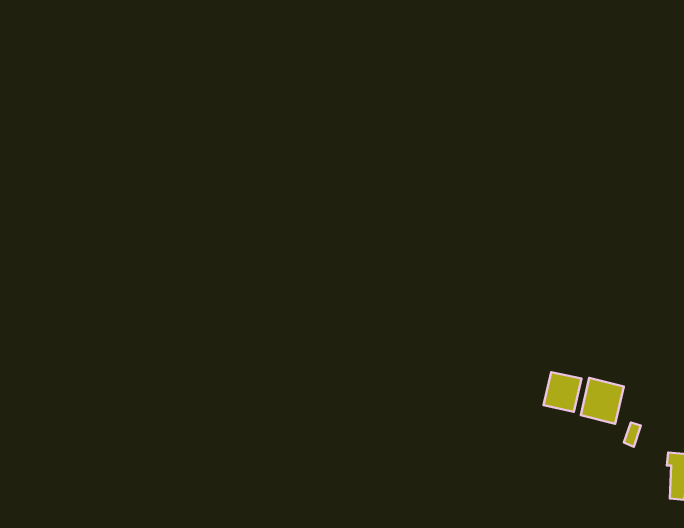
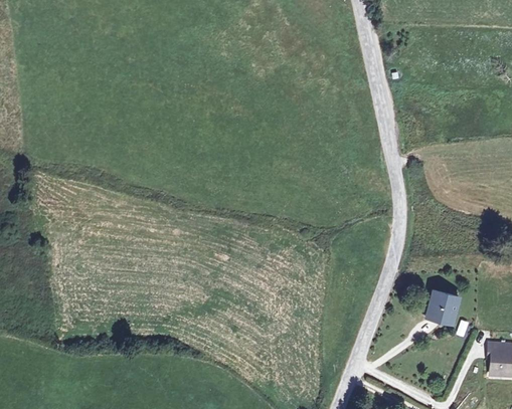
building: [543,372,582,412] -> none

